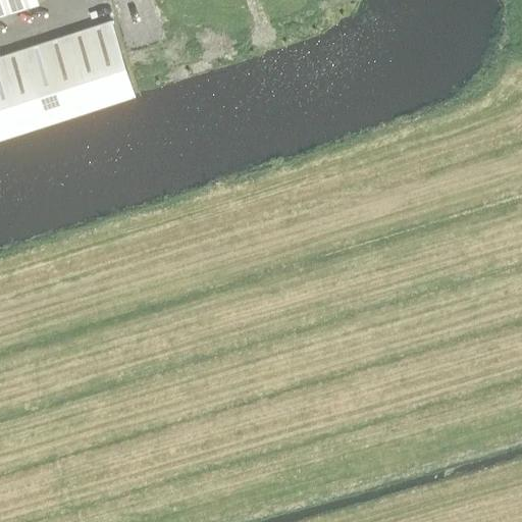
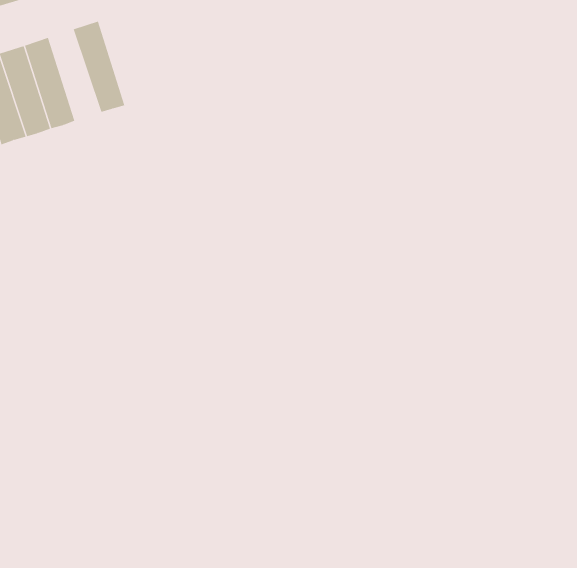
building: [88,22,134,104] -> none
building: [44,37,90,117] -> none

